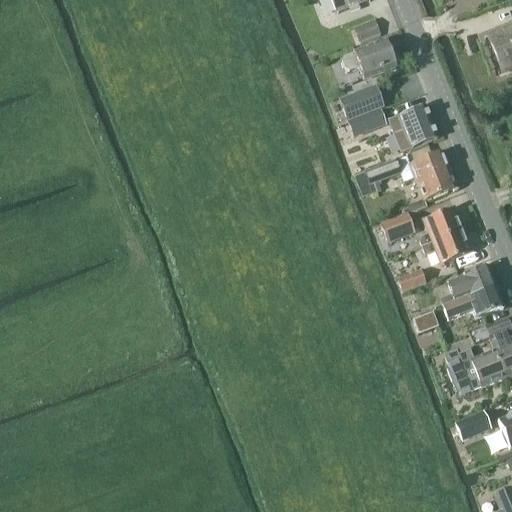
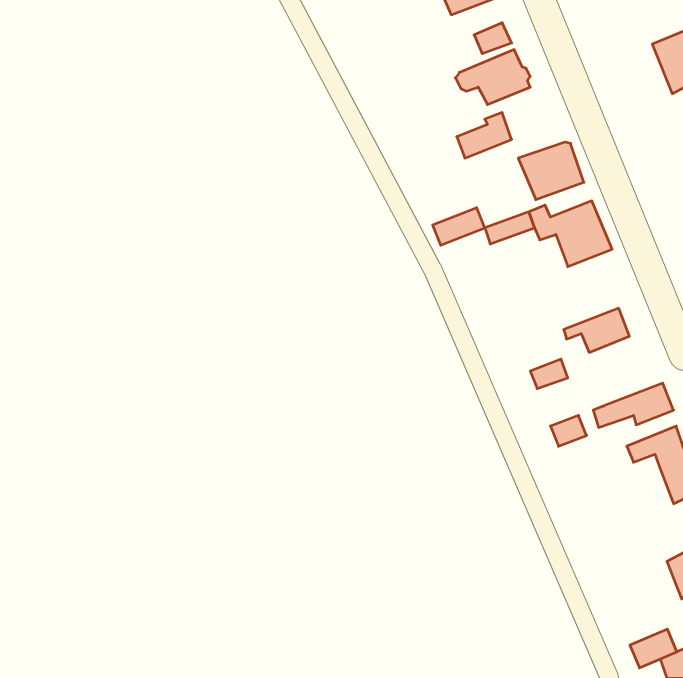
building: [348,108,387,136] -> [433,208,485,245]
building: [419,207,463,246] -> none
building: [381,212,414,241] -> none
building: [440,265,496,306] -> none
building: [445,349,504,395] -> none
building: [456,410,491,439] -> [630,629,677,668]

